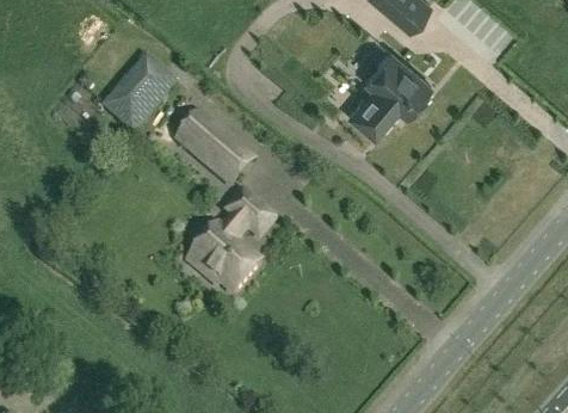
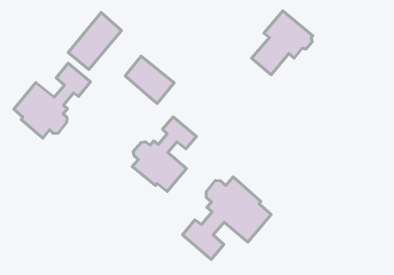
building: none -> [14,63,91,138]
building: none -> [182,177,271,259]

